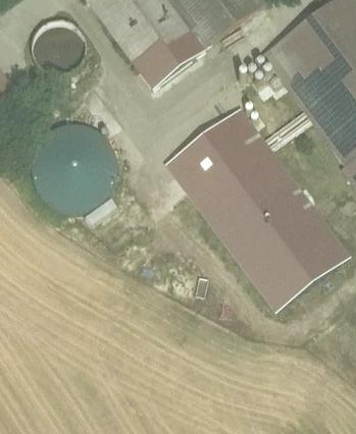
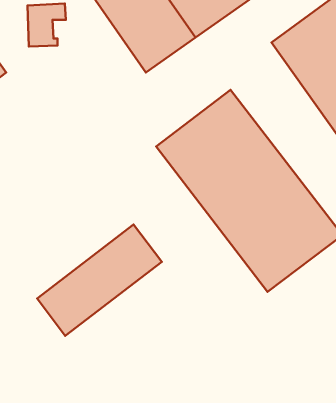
building: [29,122,117,211] -> none
building: none -> [37,224,162,336]

